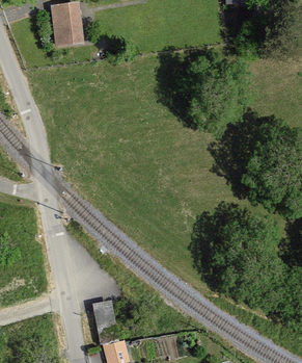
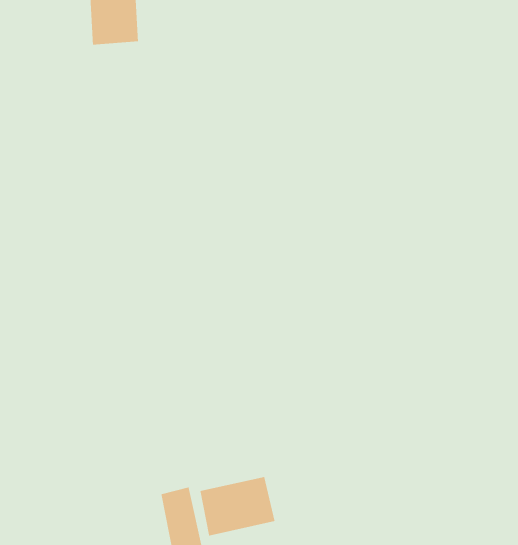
building: none -> [200,476,276,536]

